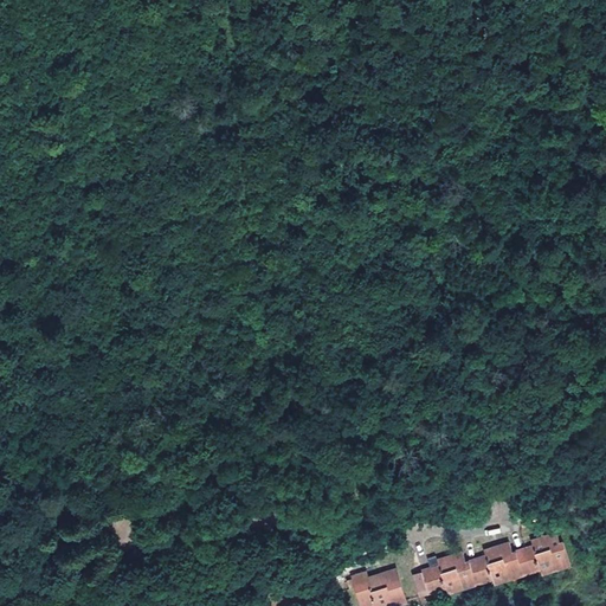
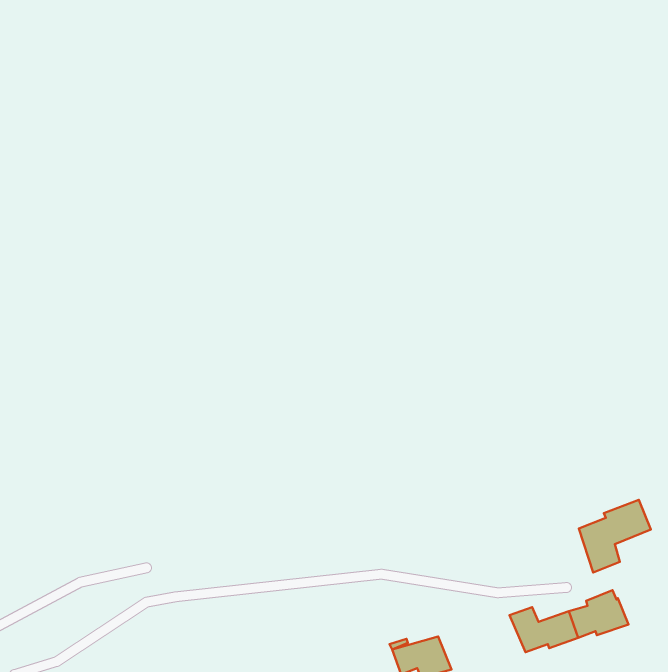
building: none -> [579,500,651,573]
building: [420,554,471,594] -> none

